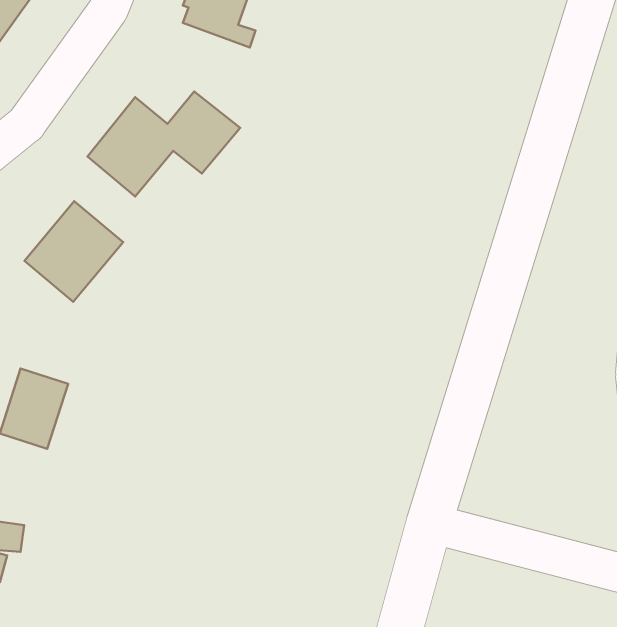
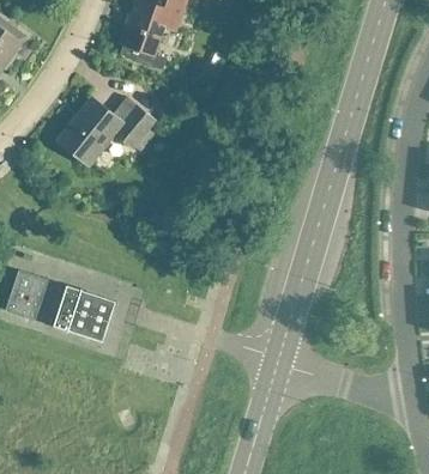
building: [24,201,123,302] -> none
building: none -> [53,286,115,342]

